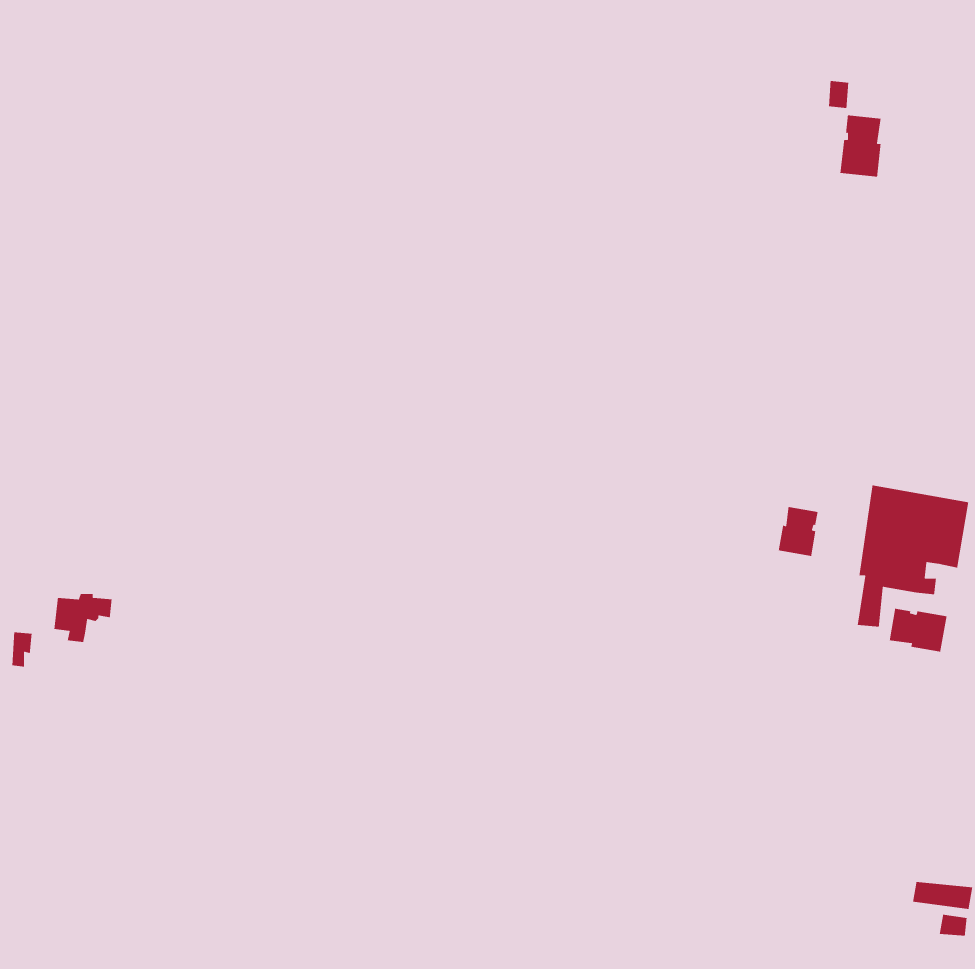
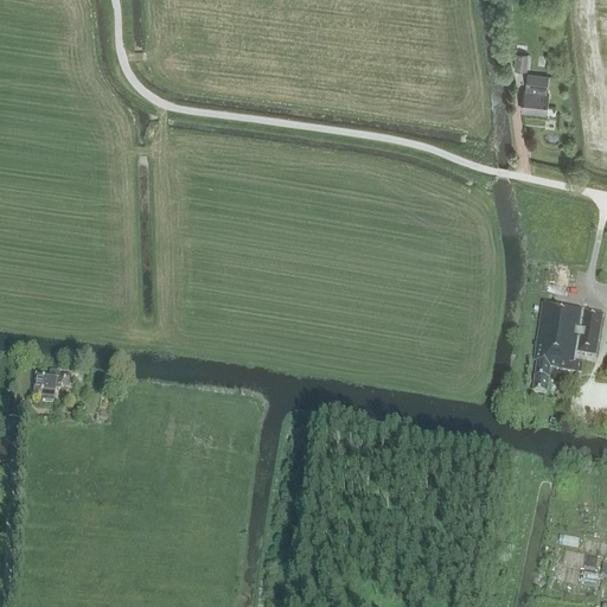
building: [778,506,819,557] -> none
building: [889,608,948,653] -> none

